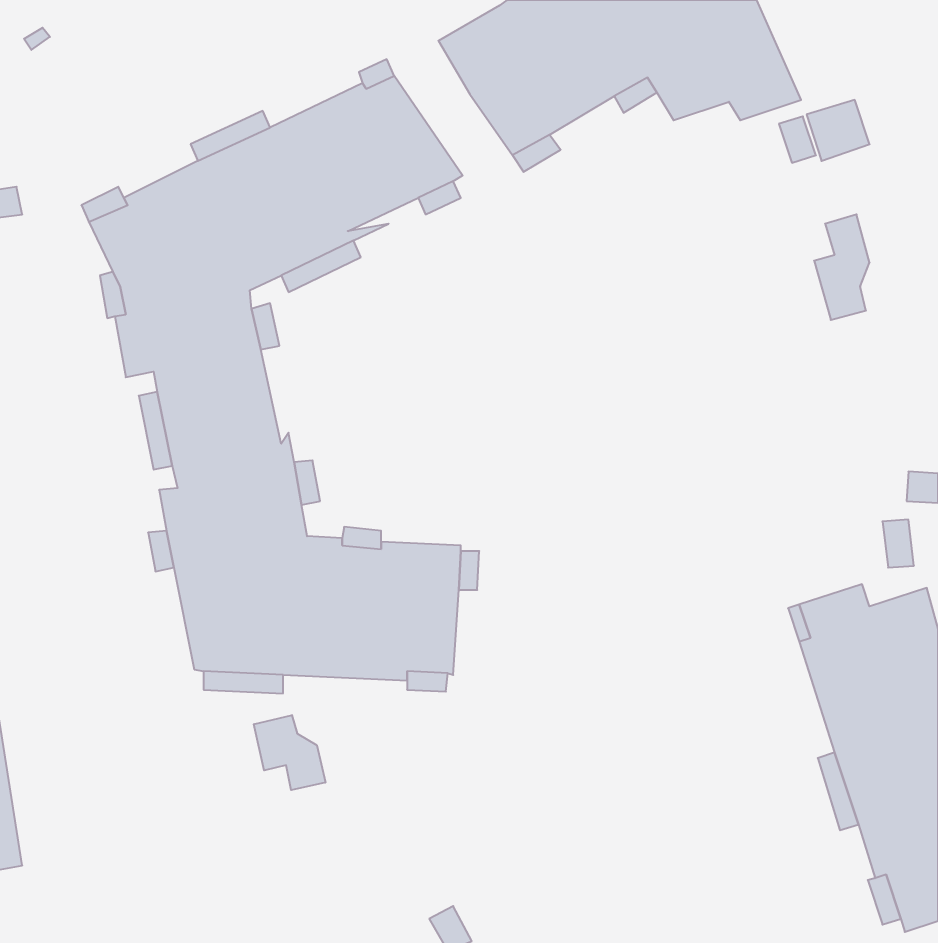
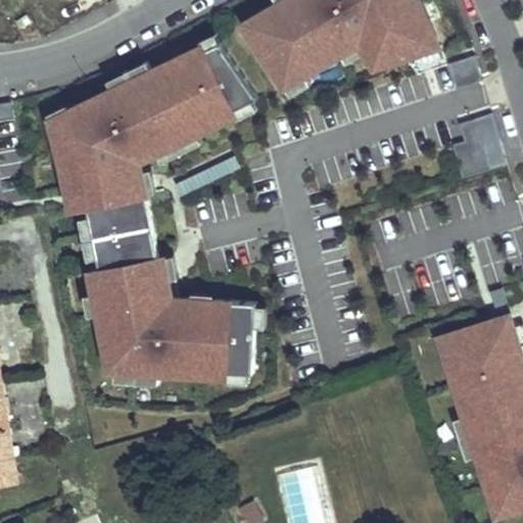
building: none -> [473,114,504,173]
building: [254,715,325,790] -> none

